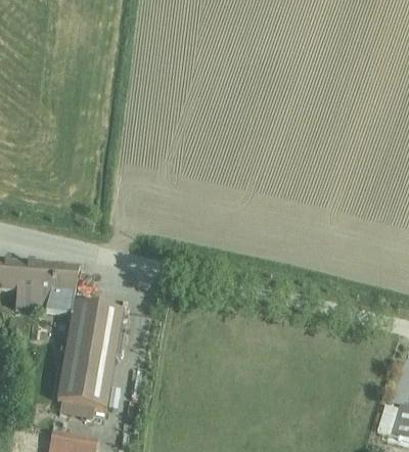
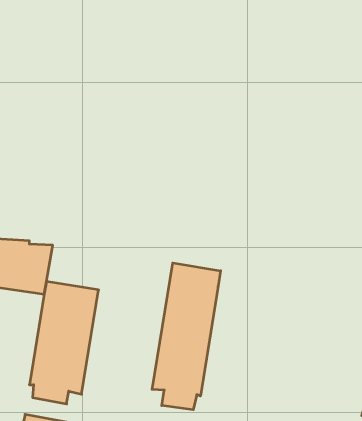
building: none -> [152,263,221,410]

